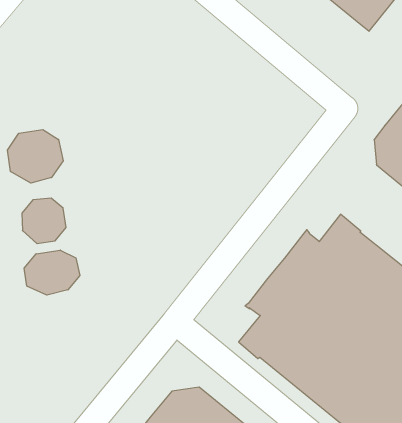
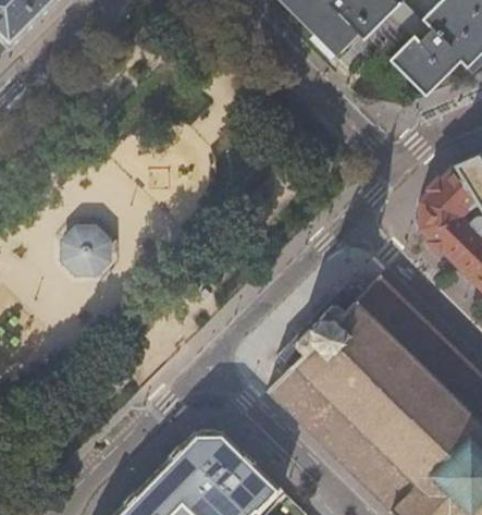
building: [7,130,63,183] -> none
building: [24,250,80,295] -> none

